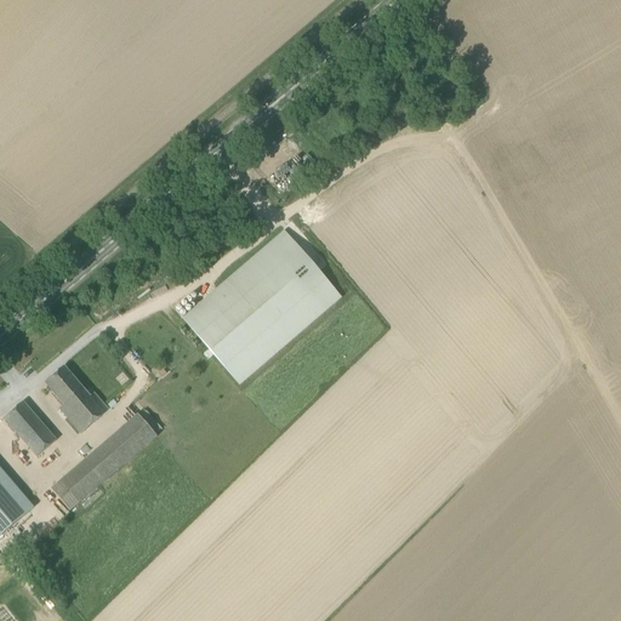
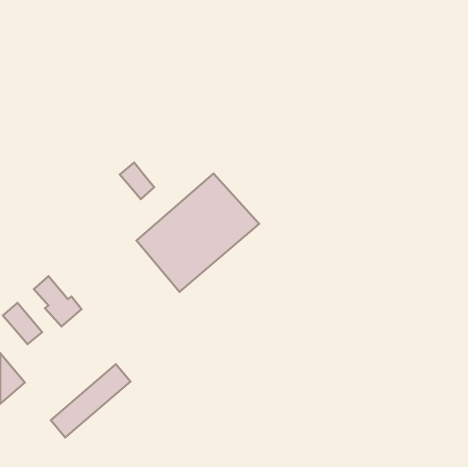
building: none -> [120,163,154,199]
building: [50,412,155,509] -> [51,364,130,438]

